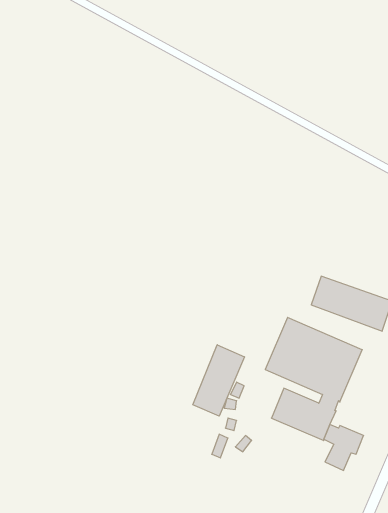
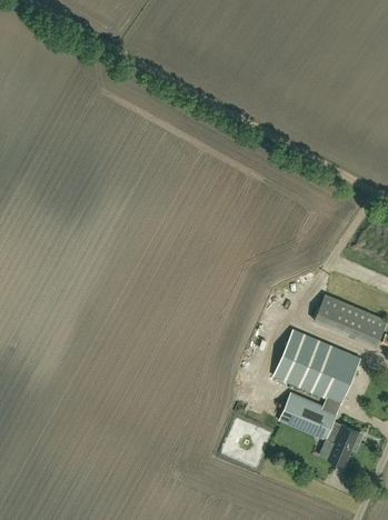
building: [193,345,244,416] -> none

